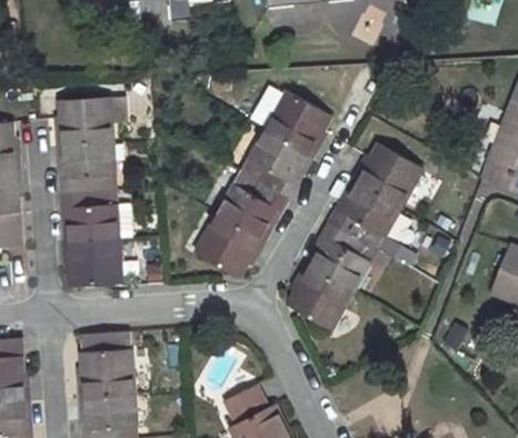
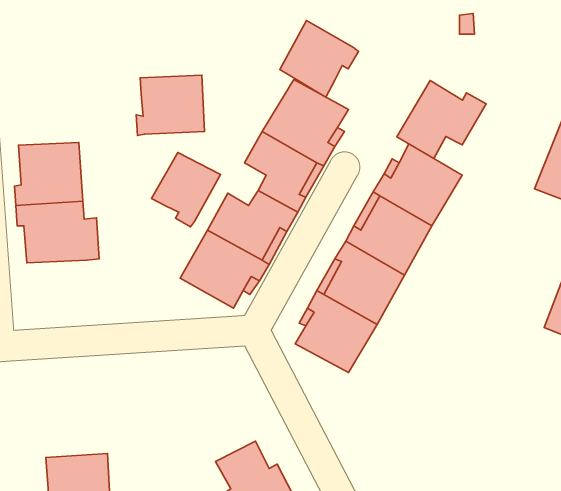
building: none -> [280,20,358,97]
building: none -> [397,80,486,159]
building: [57,97,112,146] -> [136,75,205,135]
building: none -> [151,153,220,227]
building: [63,238,121,286] -> none
building: [80,330,136,398] -> none

